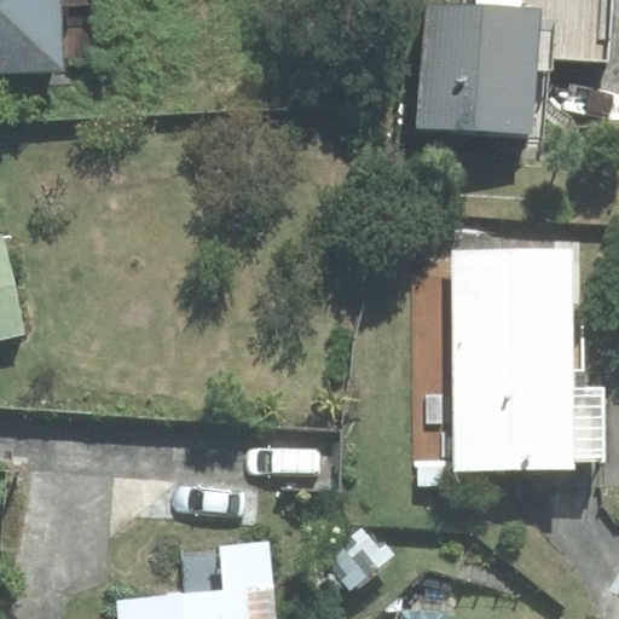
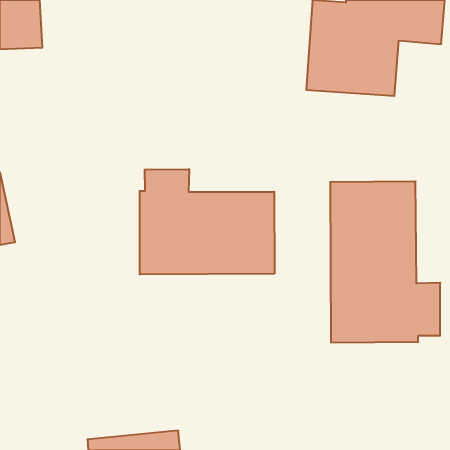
building: none -> [140,169,274,275]

